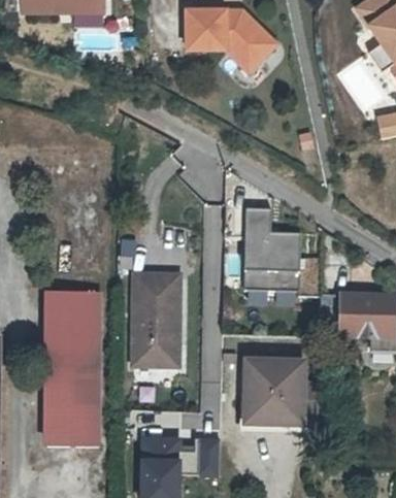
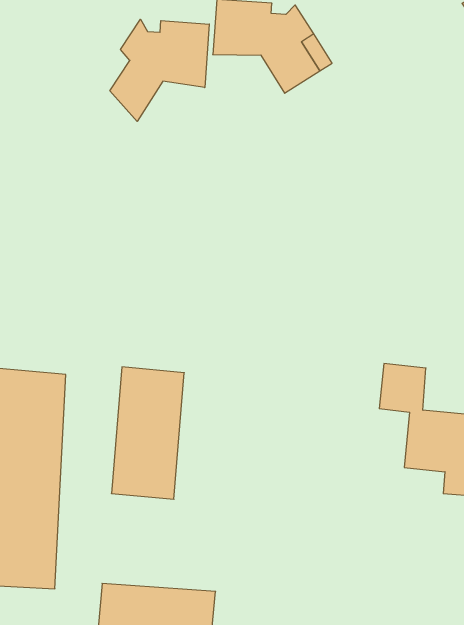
building: none -> [110,19,209,121]
building: [248,208,303,288] -> none
building: [244,363,301,424] -> none

